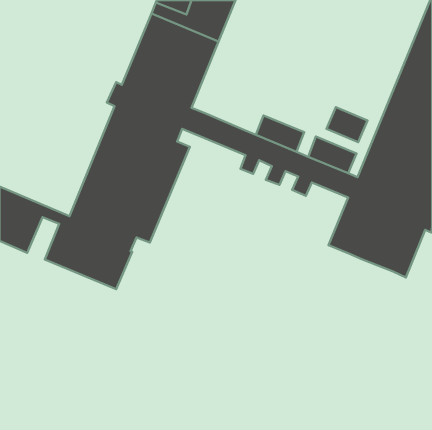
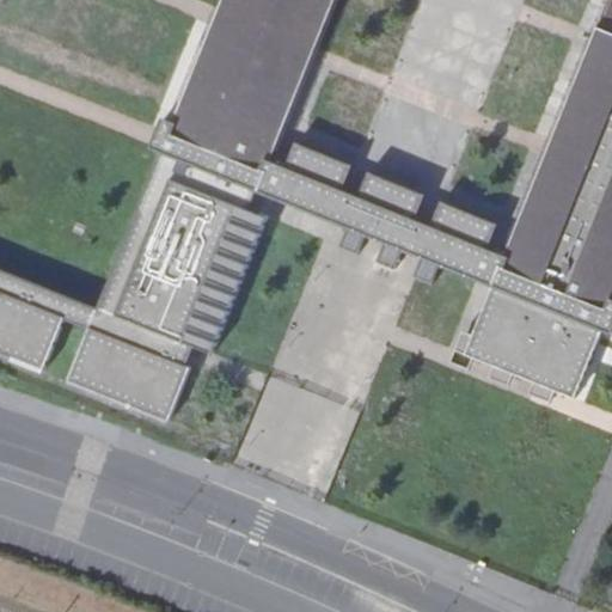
building: none -> [288,137,355,188]
building: [326,107,367,142] -> none

